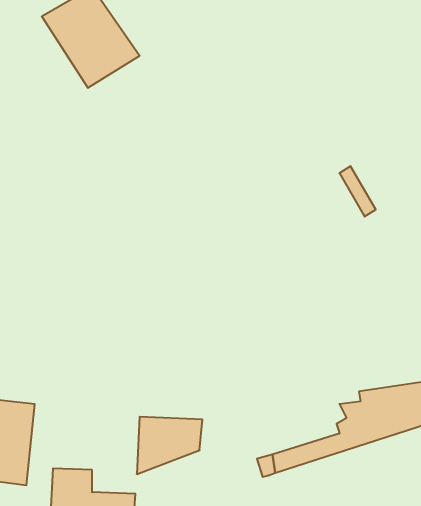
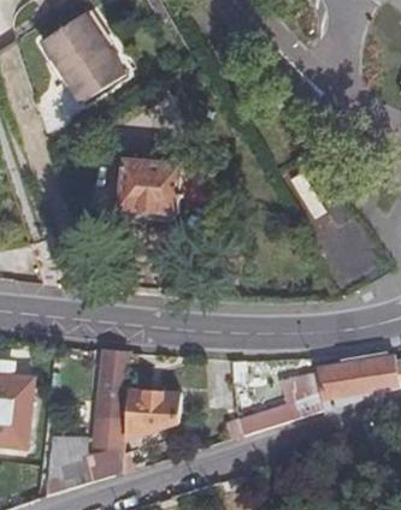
building: none -> [122,155,184,226]
building: none -> [96,349,125,439]

